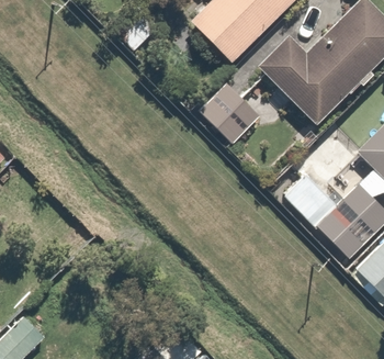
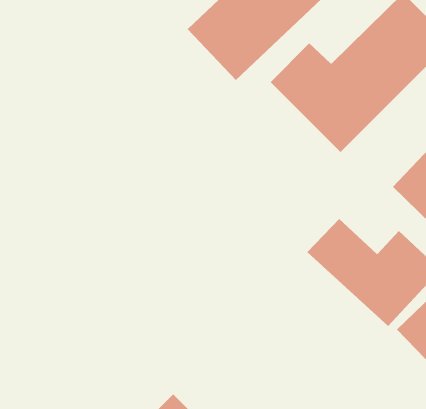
building: [196,83,255,143] -> none

